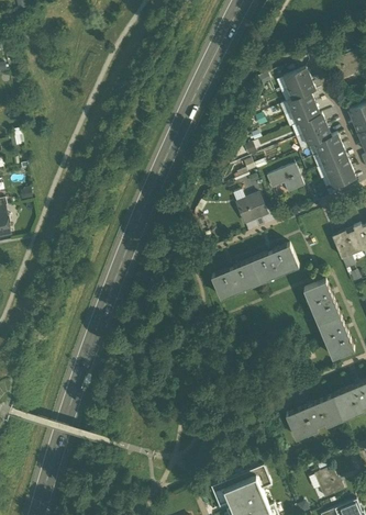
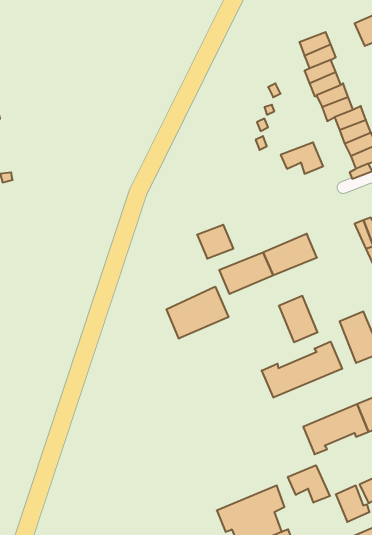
building: [235,193,267,223] -> [197,225,233,259]
building: [304,281,339,322] -> [279,296,318,342]
building: none -> [167,287,228,339]
building: none -> [262,342,342,398]
building: none -> [288,465,330,503]

